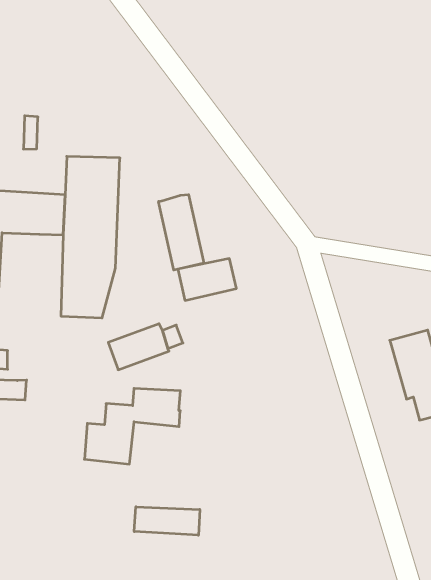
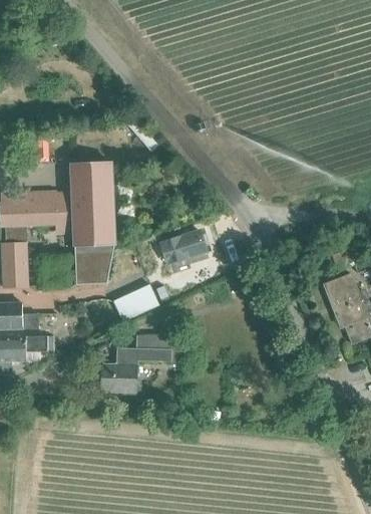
building: [159,195,204,270] -> none
building: [134,507,200,535] -> none

